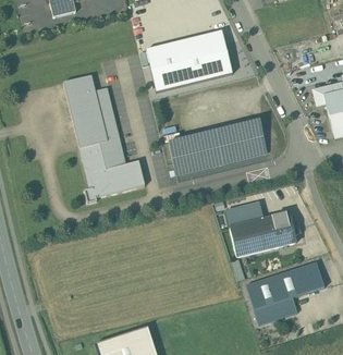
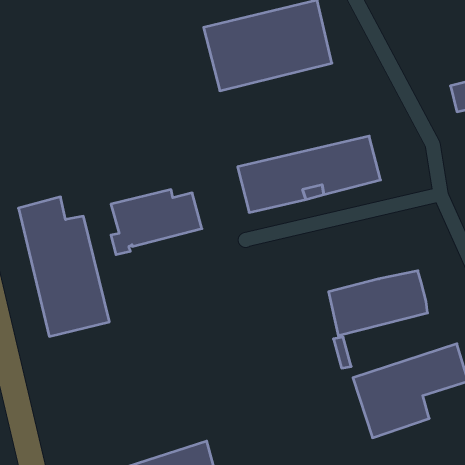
building: [63,73,124,167] -> [18,197,109,336]
building: [225,200,264,225] -> none

